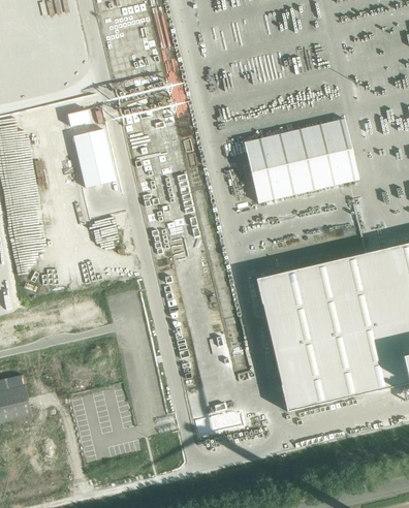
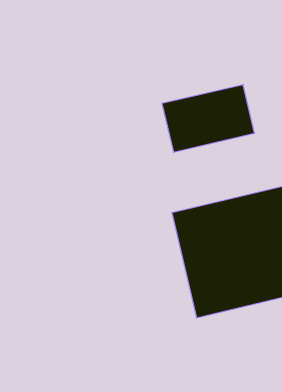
building: [76,126,120,184] -> none

